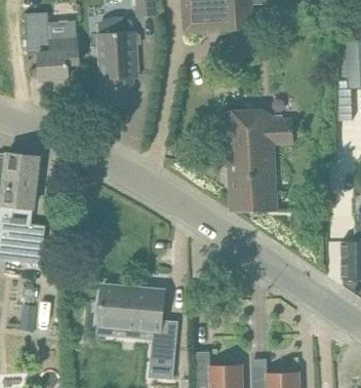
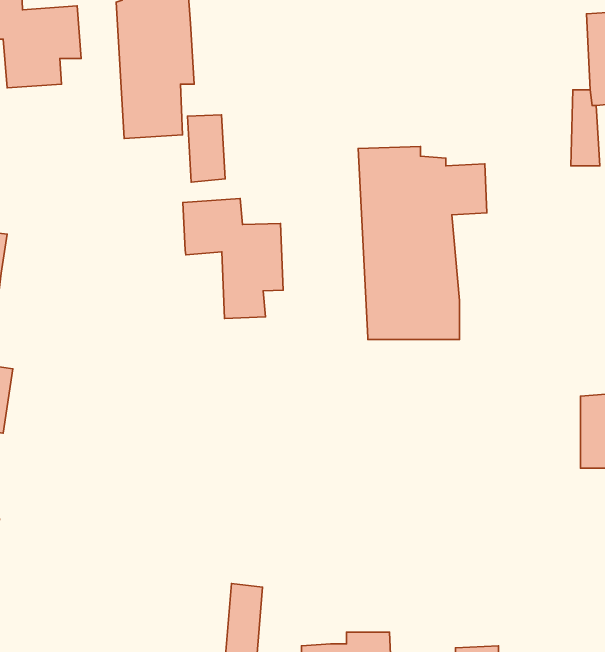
building: none -> [188,115,225,182]
building: none -> [183,199,283,318]
building: [99,284,163,333] -> none

